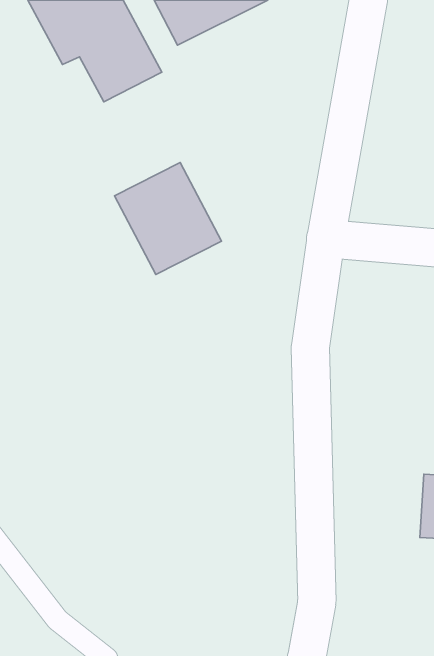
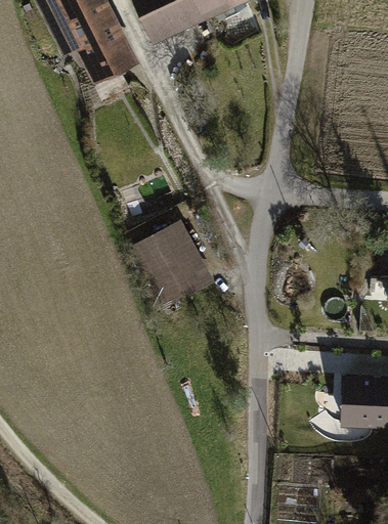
building: [115,162,222,275] -> [129,218,214,307]

